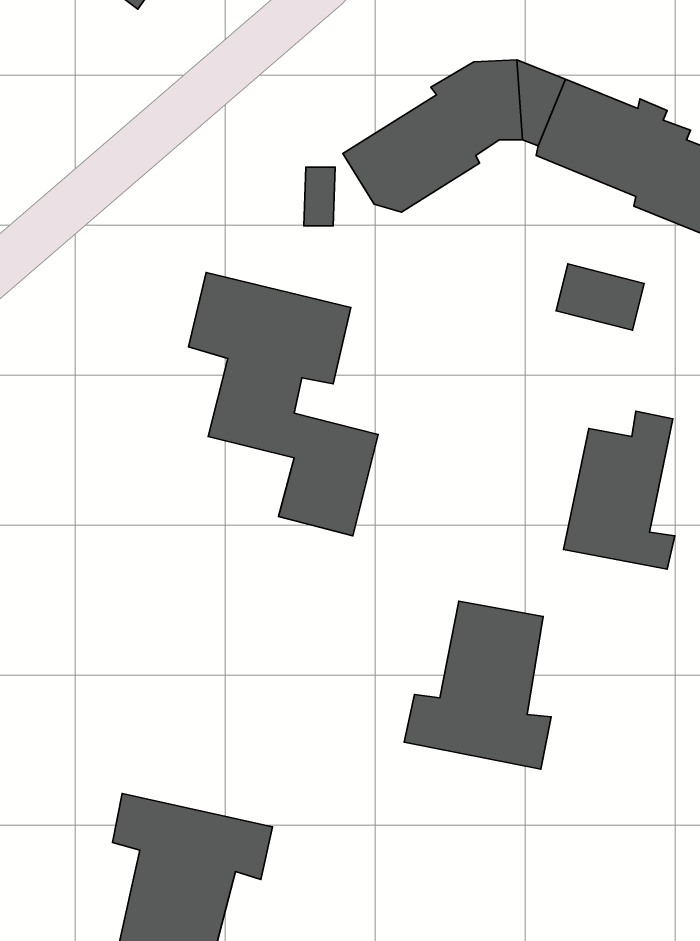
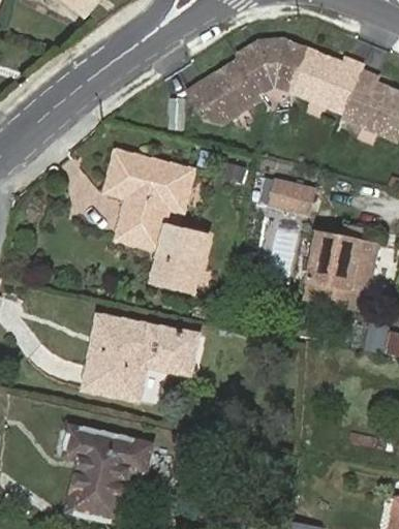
building: [556,264,644,330] -> [269,179,315,214]
building: none -> [87,315,199,398]
building: [404,601,551,769] -> none

